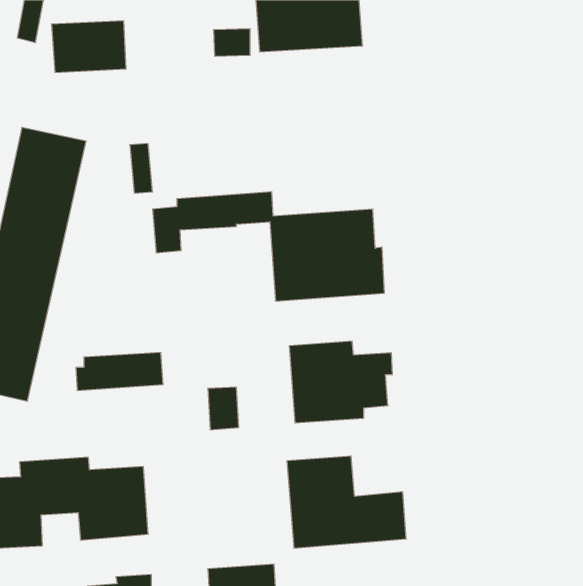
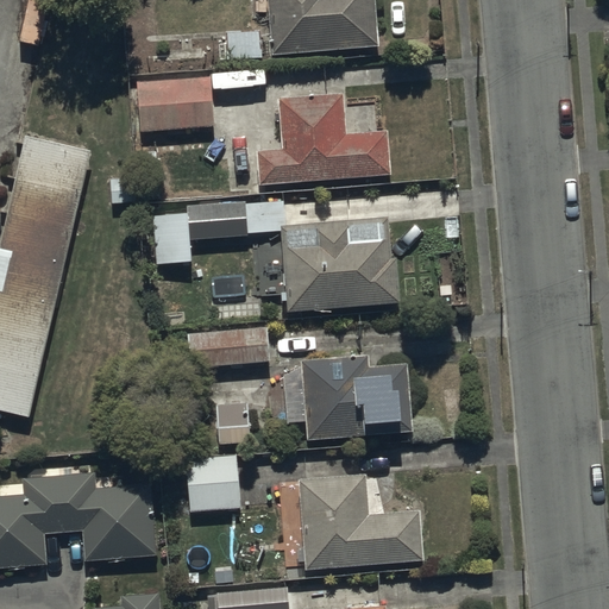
building: [51,21,126,72] -> [134,77,212,131]
building: none -> [257,95,389,186]
building: [76,352,163,390] -> [177,328,268,368]
building: none -> [182,454,239,513]

